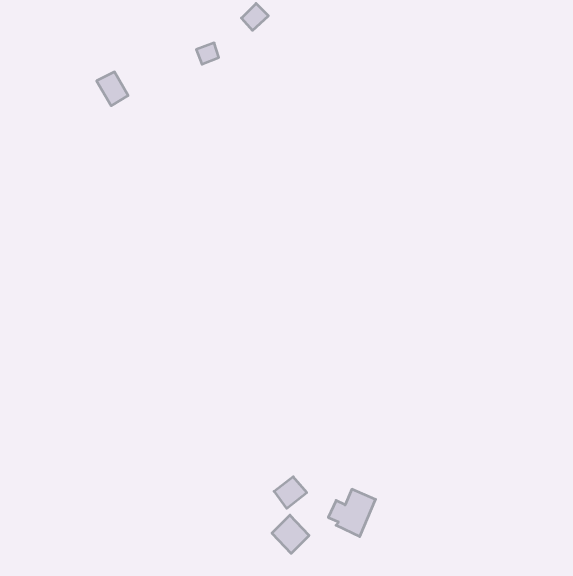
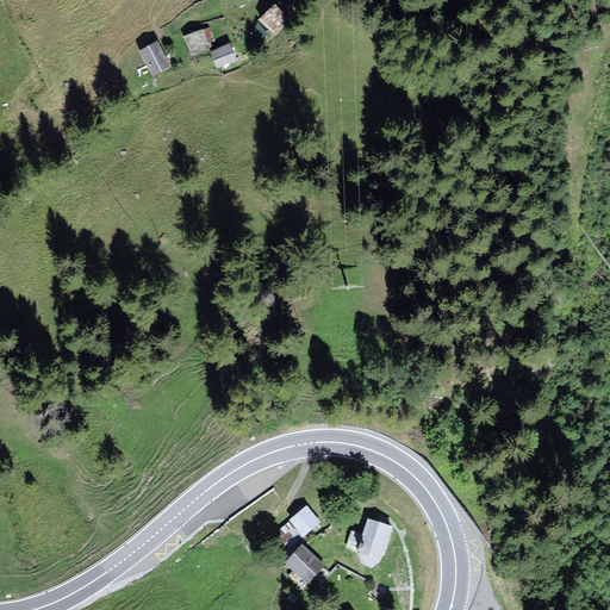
building: none -> [179,27,210,57]
building: [97,72,128,106] -> [133,41,167,76]

